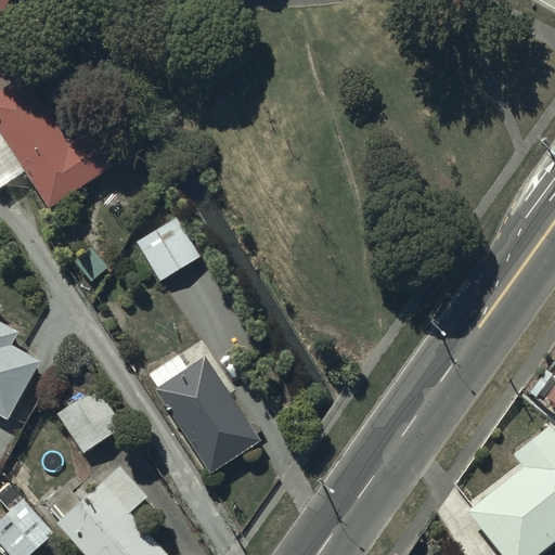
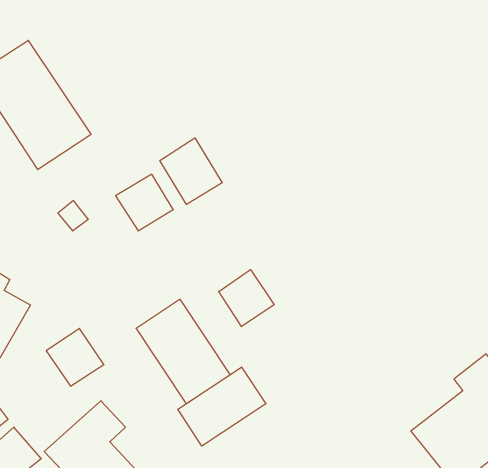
building: none -> [160,138,222,205]
building: none -> [219,270,274,327]
building: none -> [178,367,266,446]

